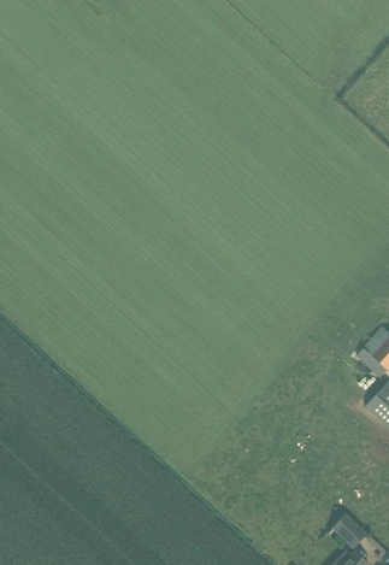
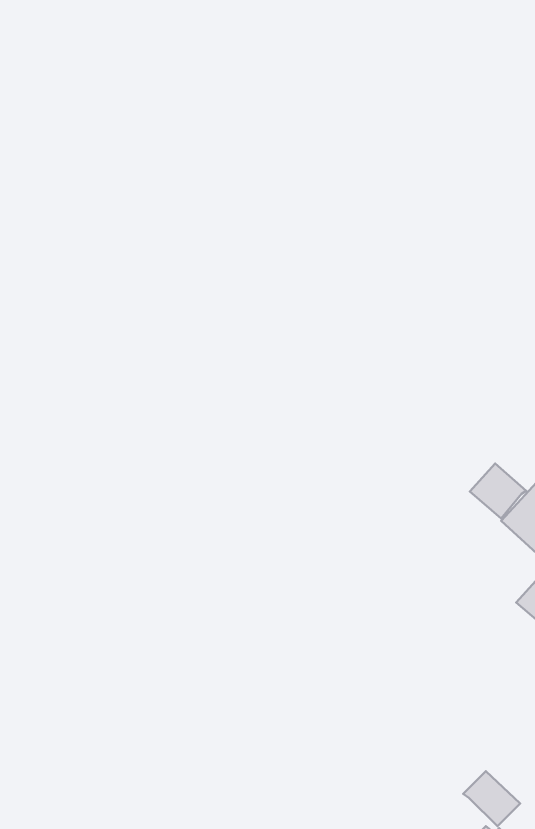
building: none -> [470,464,526,519]

